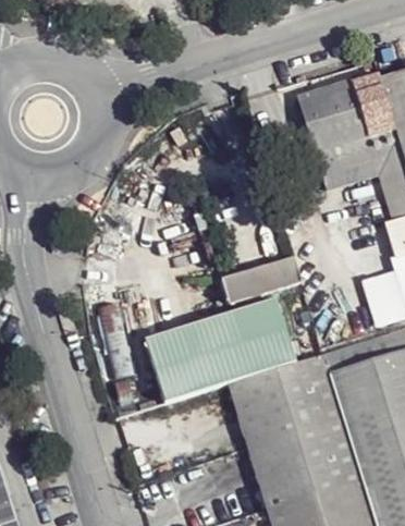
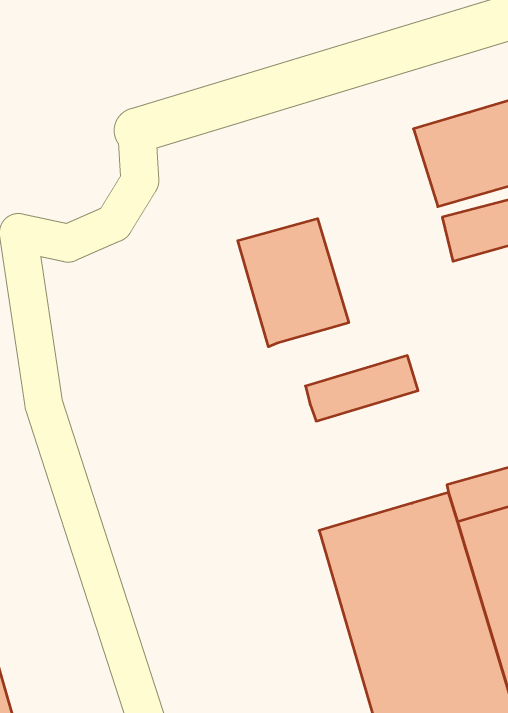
building: none -> [238,219,349,347]
building: [121,302,297,412] -> none

